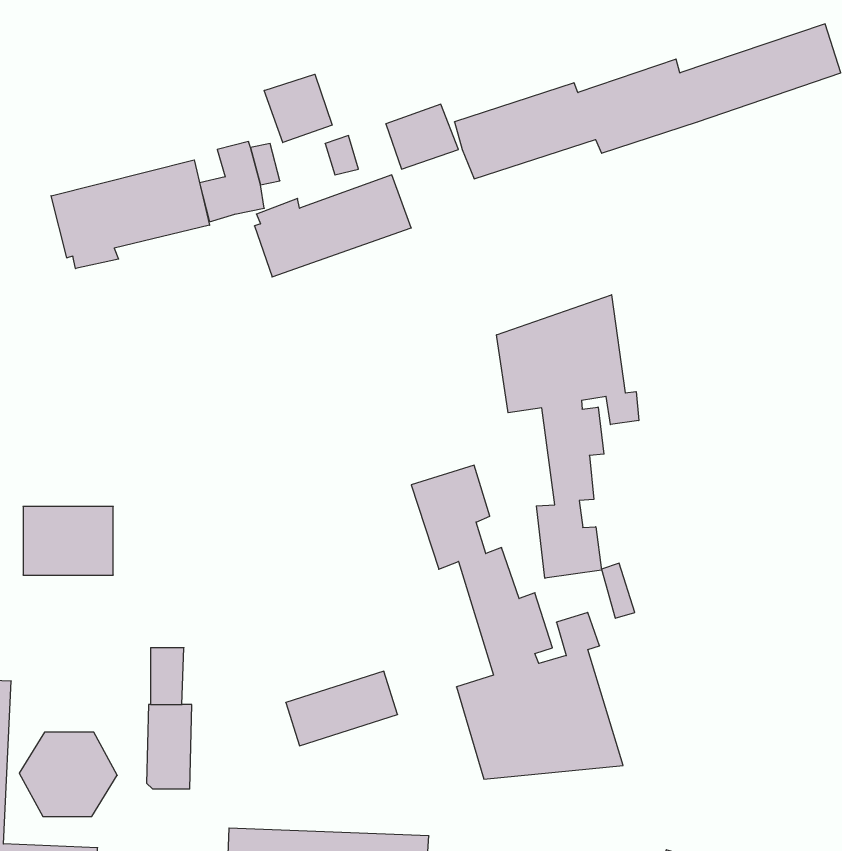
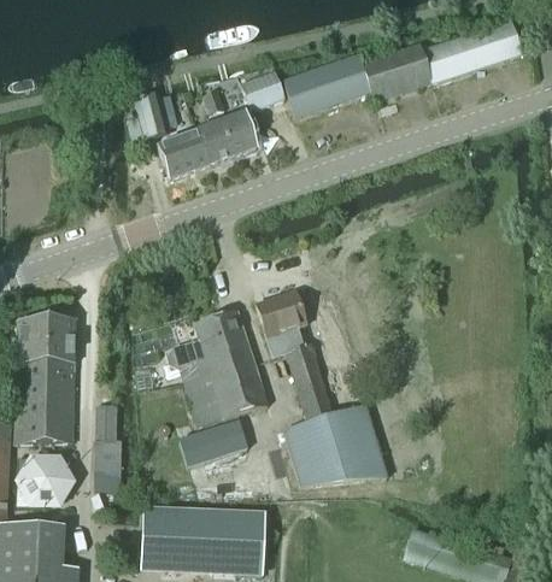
building: [264,74,332,143] -> none
building: [51,160,210,269] -> none
building: [497,295,639,578] -> none
building: none -> [175,308,269,427]
building: none -> [18,359,74,441]

